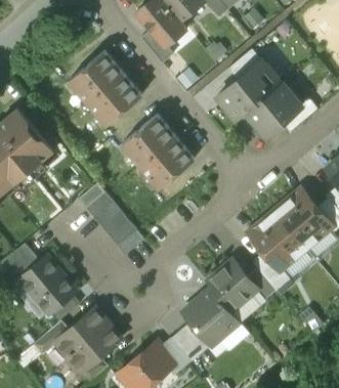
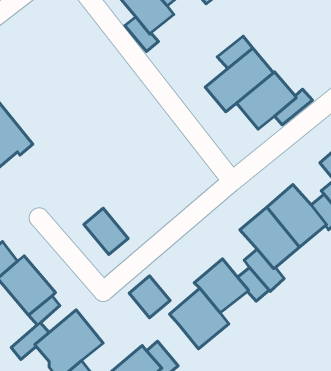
building: [67,50,140,125] -> none
building: [120,114,193,187] -> none
building: [78,184,120,227] -> none
building: [171,321,210,361] -> [129,276,170,318]

